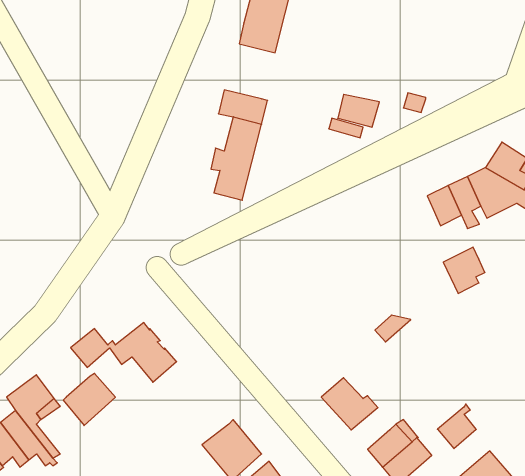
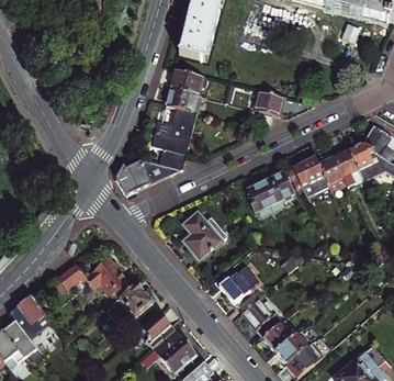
building: none -> [169,69,201,93]
building: none -> [115,155,182,194]
building: none -> [247,169,293,210]
building: [443,247,485,293] -> [292,156,323,190]
building: none -> [183,213,226,259]
building: none -> [219,267,259,304]
building: [63,373,115,426] -> [114,284,153,323]
building: none -> [144,314,172,348]
building: [437,404,476,449] -> [262,318,291,351]

